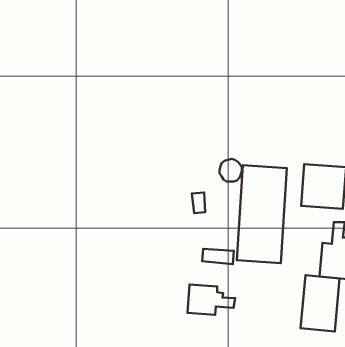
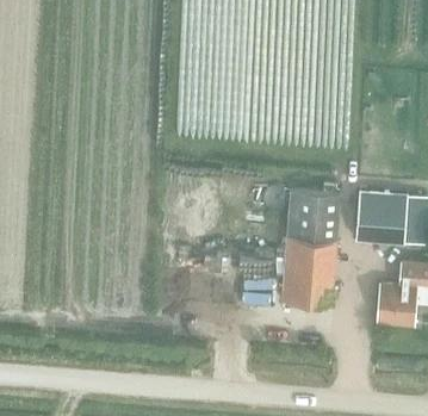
building: [301,275,340,331] -> none
building: [187,284,235,315] -> none

